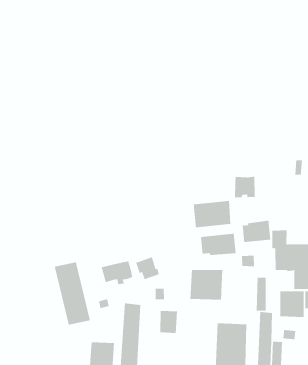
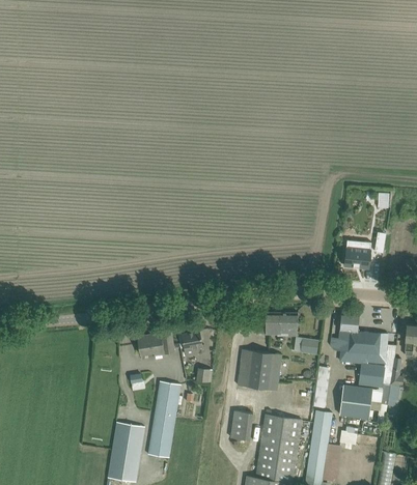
building: [234,176,256,199] -> [343,240,370,267]
building: [193,200,231,228] -> none
building: [242,220,271,243] -> none
building: [54,261,91,326] -> none
building: [159,310,178,334] -> [229,411,253,440]

